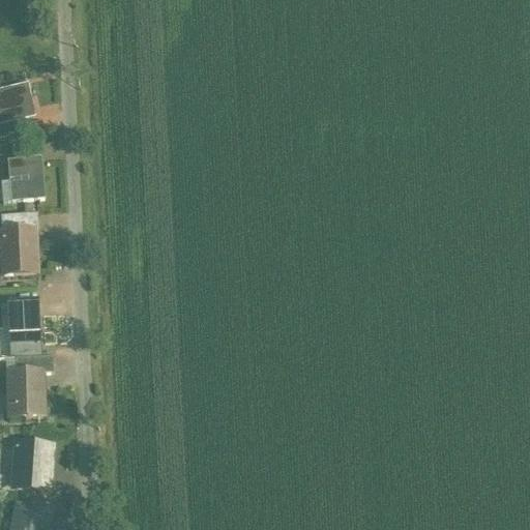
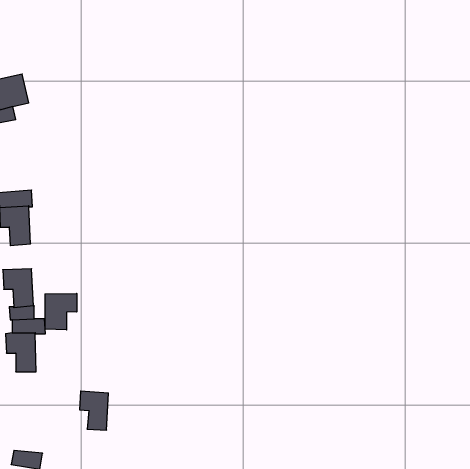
building: [6,156,41,200] -> none
building: none -> [45,293,77,330]
building: [14,445,47,489] -> [80,391,108,430]

